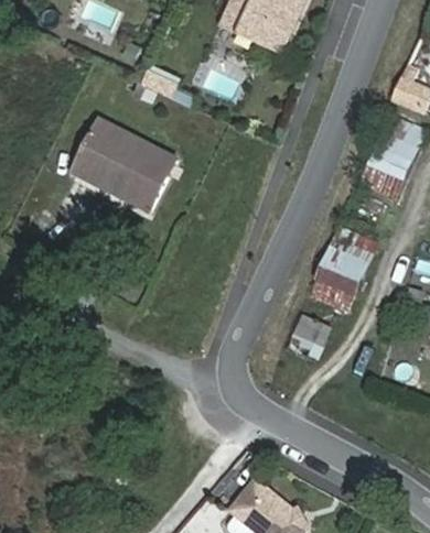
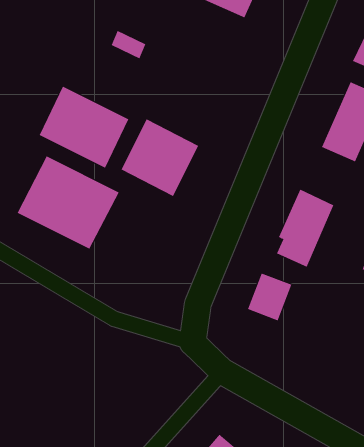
building: none -> [121,118,199,197]
building: none -> [17,156,119,250]

